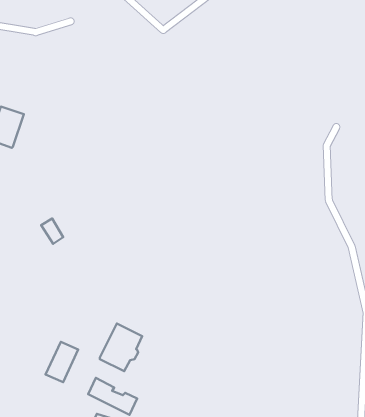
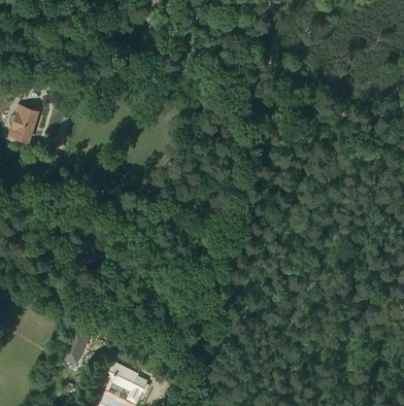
building: [100,324,142,371] -> none

